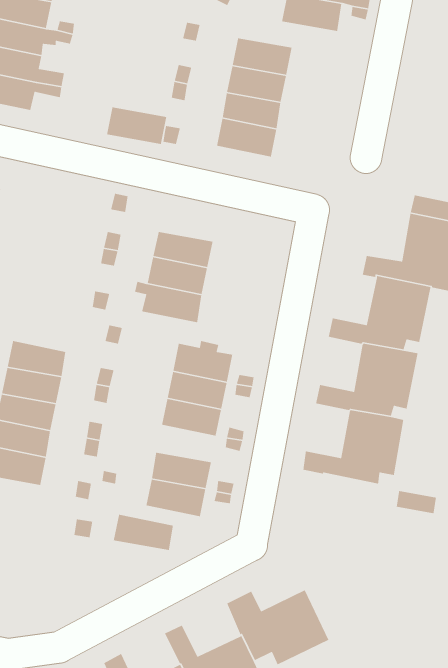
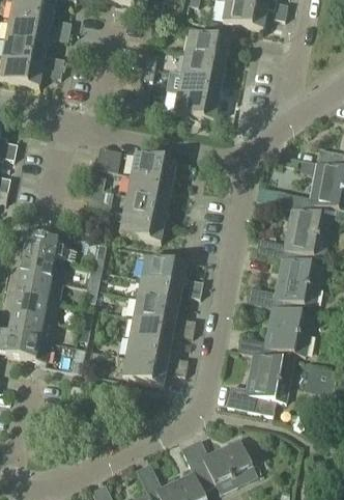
building: [106,106,167,145] -> [132,154,176,182]
building: none -> [25,232,69,262]
building: none -> [226,352,293,414]
building: [113,514,174,551] -> [130,316,174,343]

